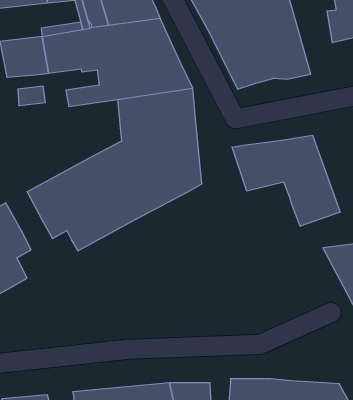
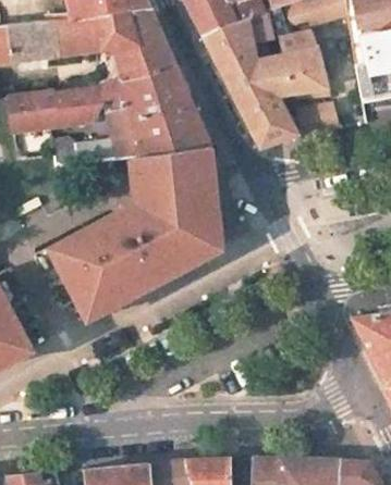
building: [232,135,340,226] -> none

